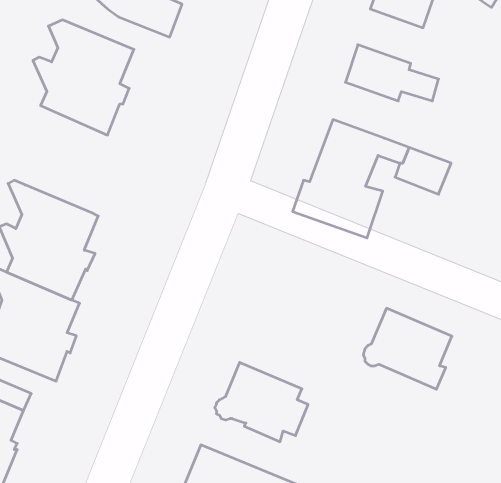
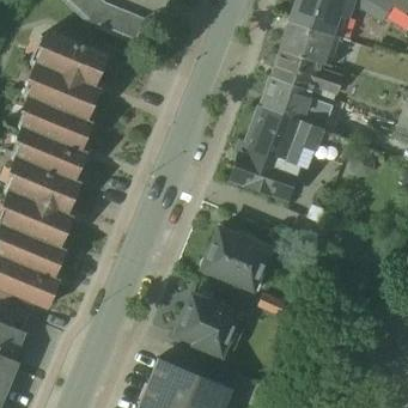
building: none -> [280,22,330,63]
building: none -> [261,78,316,121]
building: none -> [18,92,92,178]
building: [363,308,452,389] -> [200,226,268,288]

